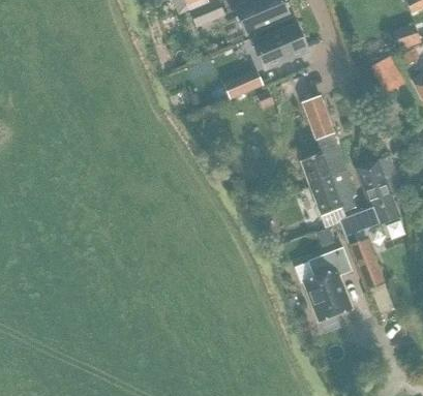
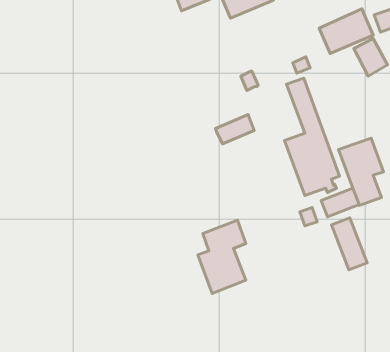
building: [254,24,309,69] -> [319,9,373,54]
building: [224,69,264,99] -> [215,114,254,144]
building: [304,247,353,322] -> [198,220,246,293]

